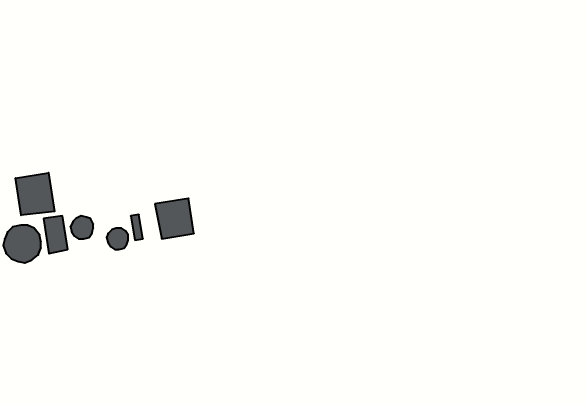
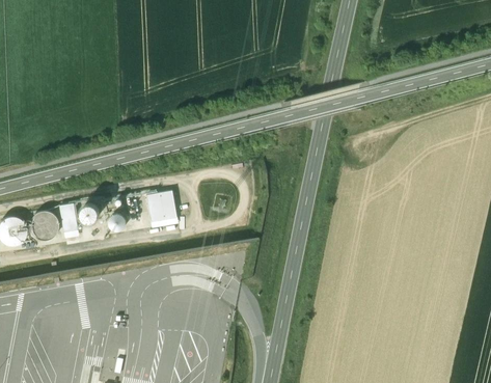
building: [16,173,55,215] -> none

